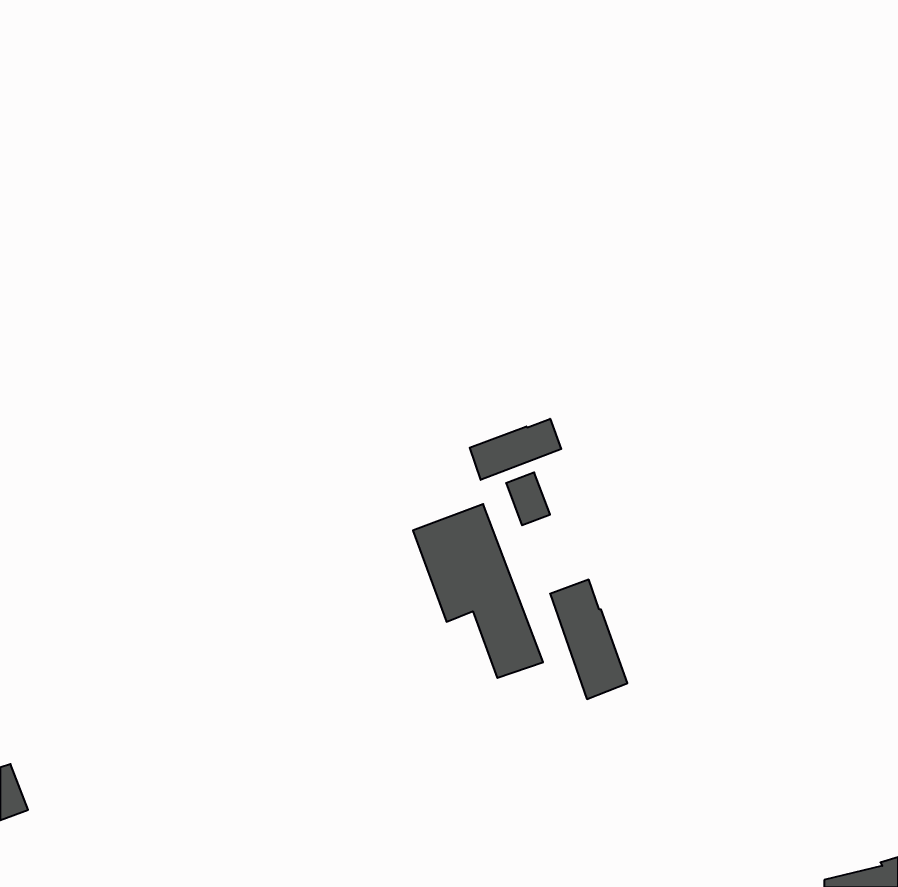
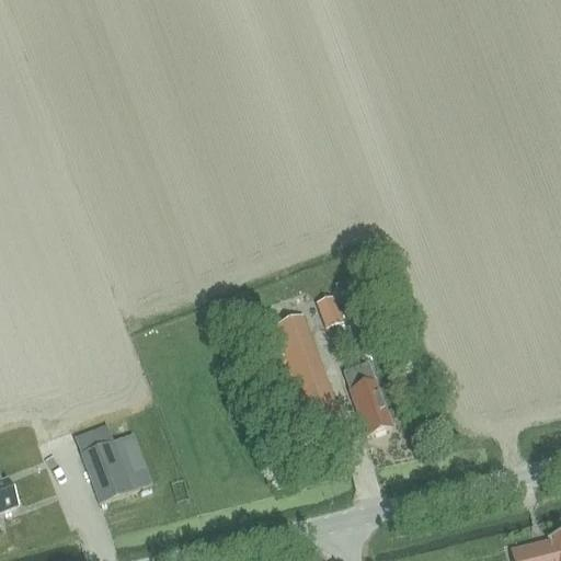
building: [470,419,561,480] -> none
building: none -> [76,422,152,501]

